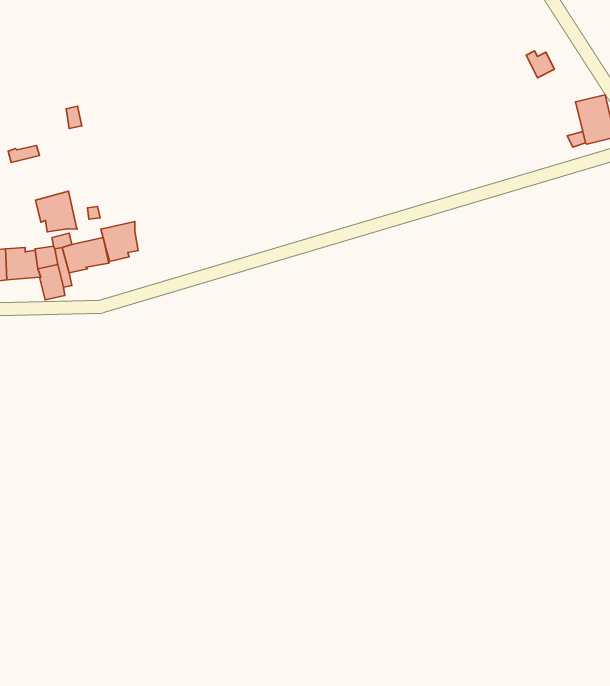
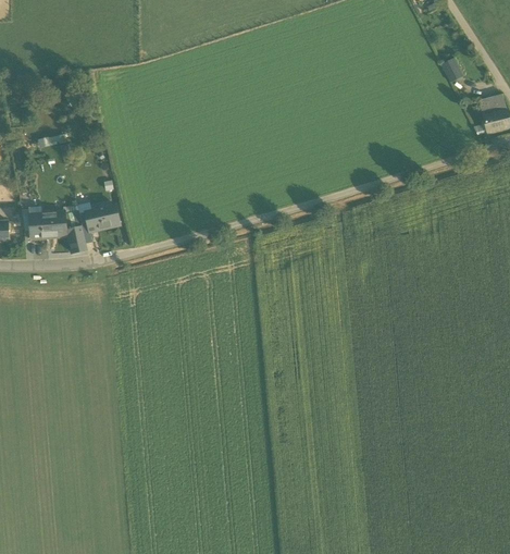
building: [36,191,77,232] -> none
building: [101,221,138,261] -> none

